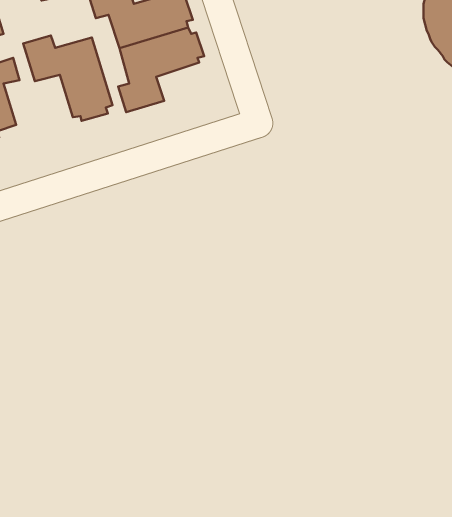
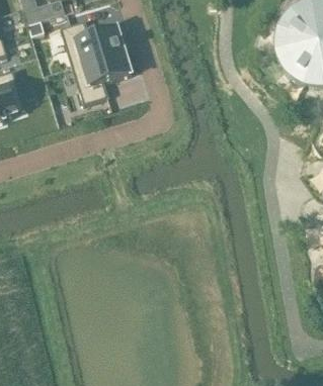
building: [23,36,112,121] -> none

